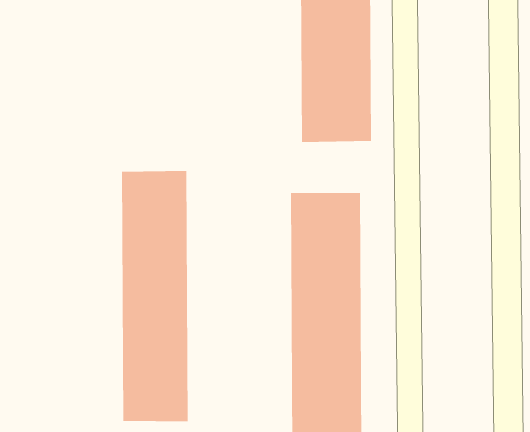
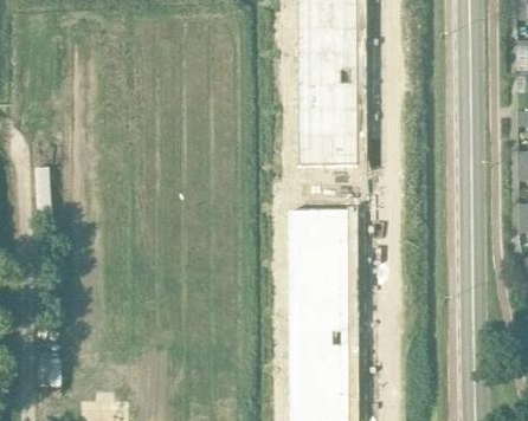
building: [121,170,188,422] -> none

